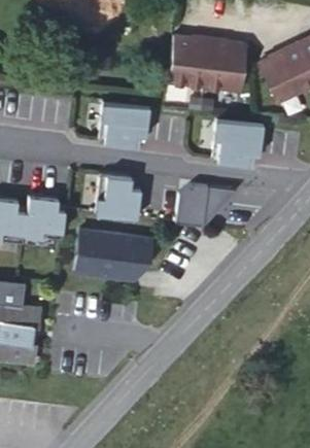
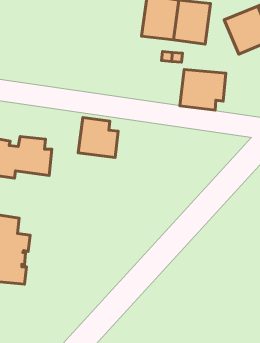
building: [98,101,149,145] -> none
building: [175,184,235,227] -> none
building: [75,229,151,276] -> none

